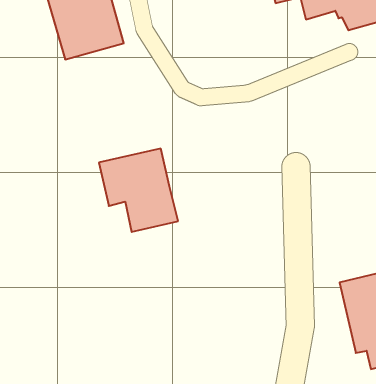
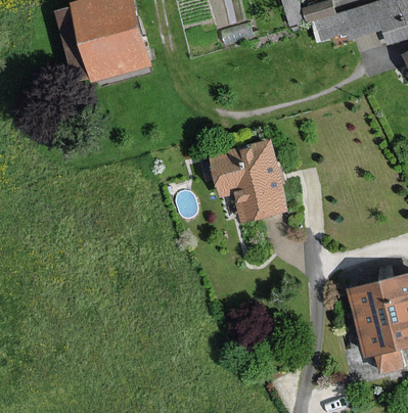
building: [99,149,178,232] -> [210,141,284,220]

